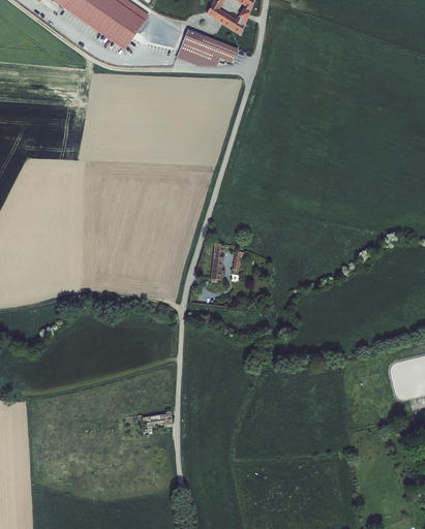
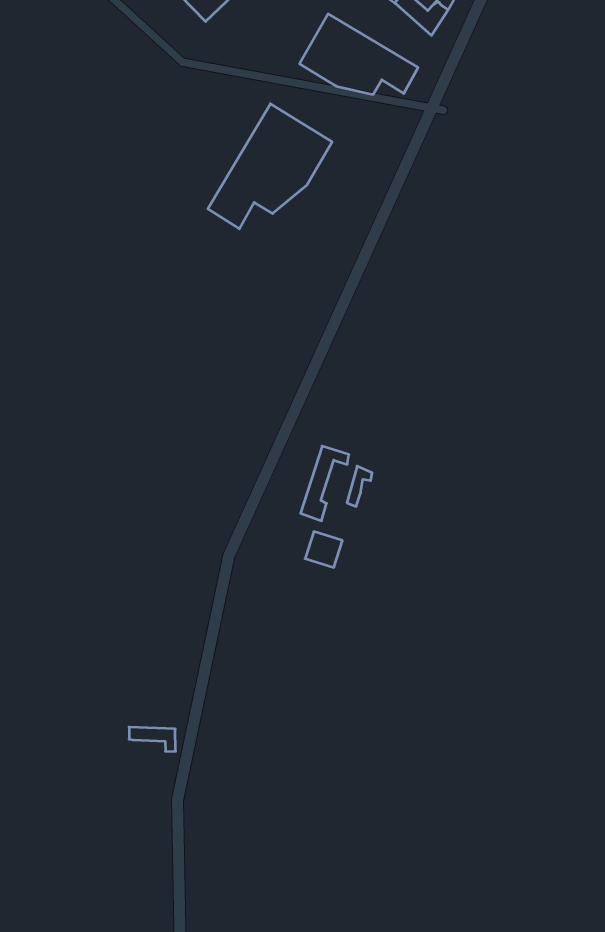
building: none -> [208,104,332,229]

